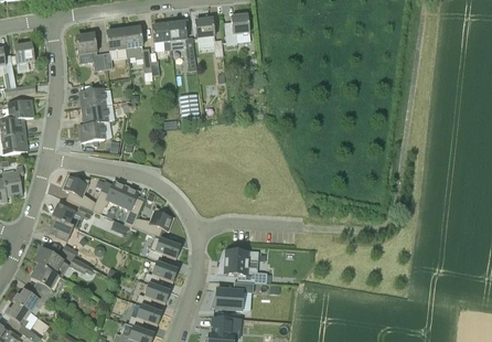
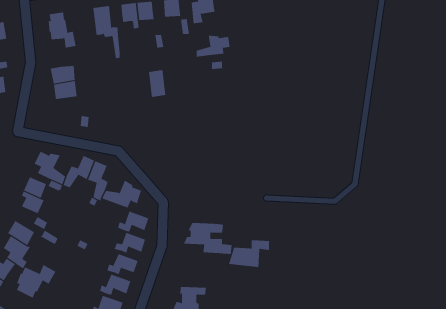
building: [104,28,127,67] -> none
building: none -> [196,35,230,57]
building: [79,119,108,140] -> none
building: [211,280,254,309] -> [228,240,270,267]
building: none -> [16,264,56,299]

